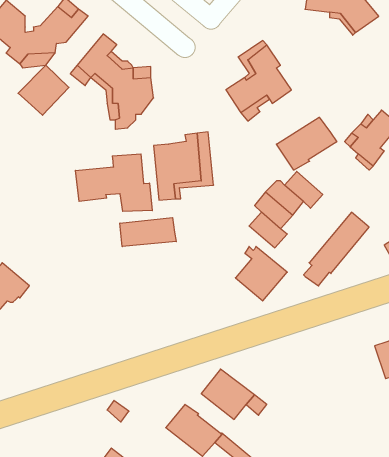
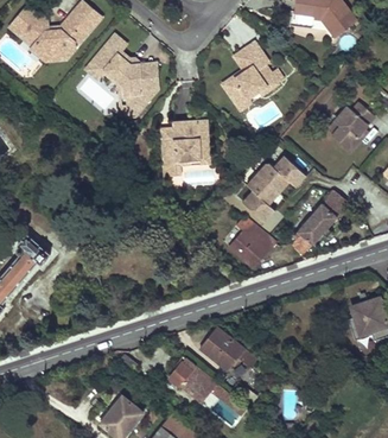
building: [18,65,69,115] -> none
building: [276,117,337,170] -> none
building: [75,154,152,211] -> none
building: [120,218,176,247] -> none

